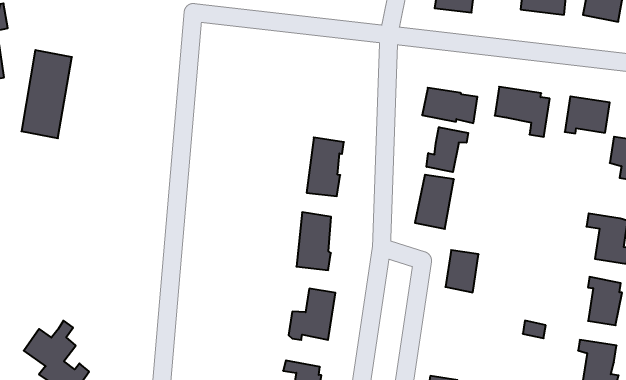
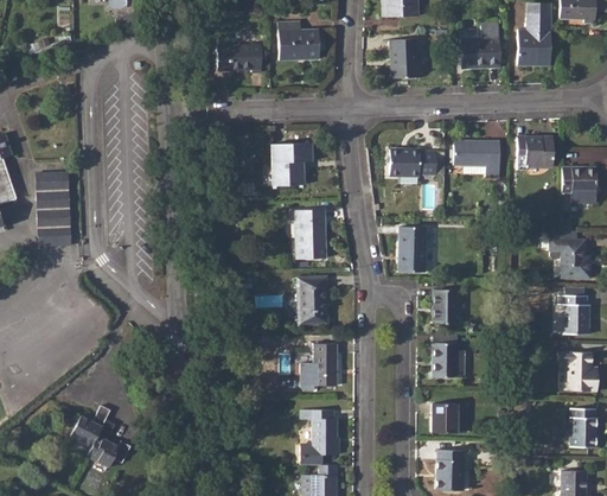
building: none -> [273,144,312,185]
building: [427,127,468,172] -> none
building: none -> [433,343,466,376]

